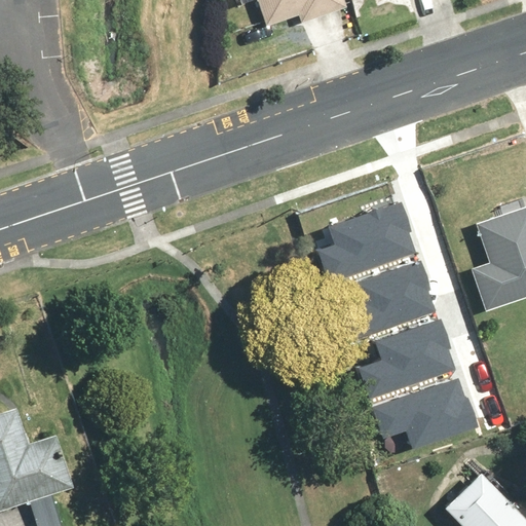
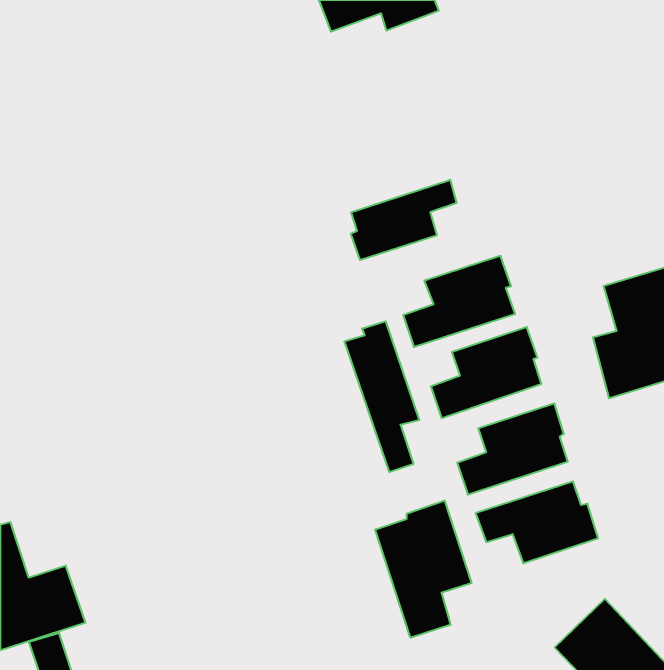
building: none -> [351,180,457,260]
building: none -> [344,321,419,472]
building: none -> [375,500,472,638]

